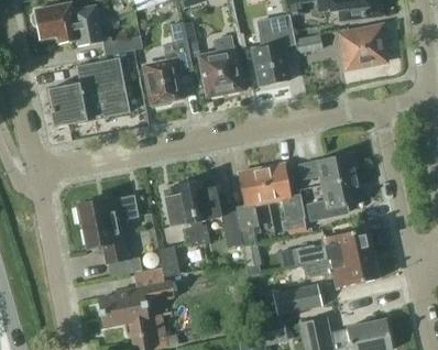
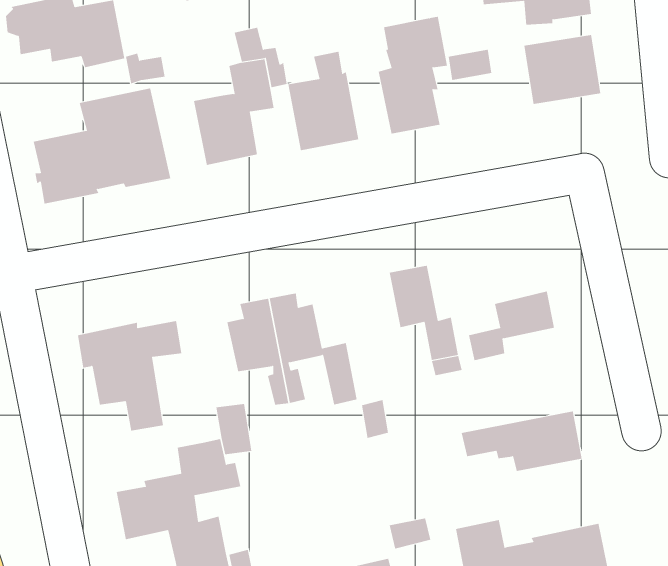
building: [299,154,355,186] -> none
building: [238,167,267,243] -> none
building: [294,228,371,265] -> none
building: [274,283,322,313] -> none

